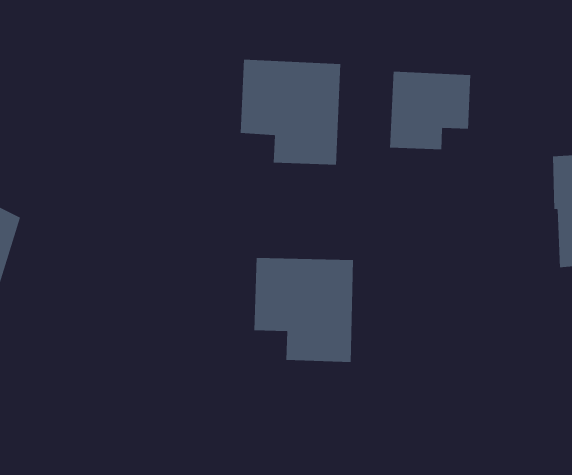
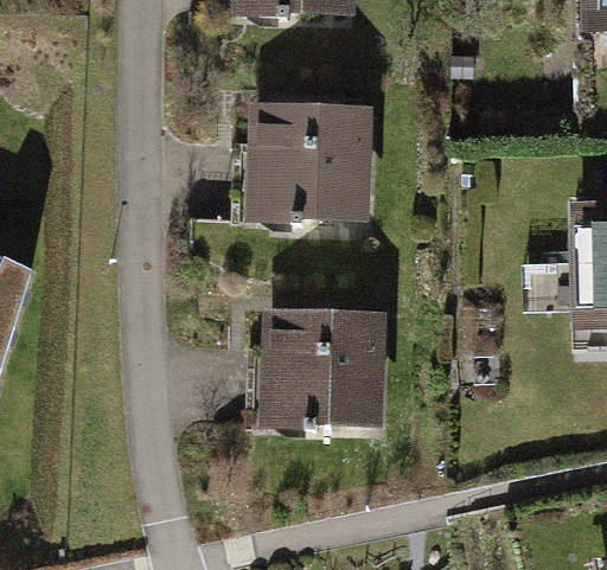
building: [390,71,471,150] -> none

